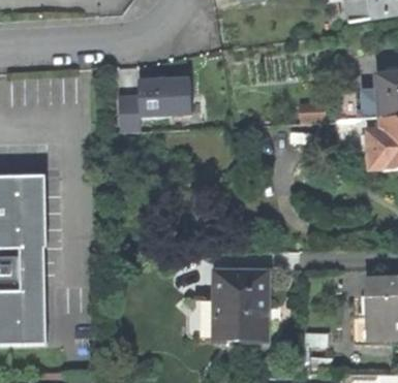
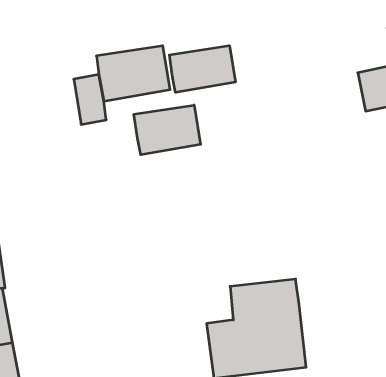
building: none -> [169,46,235,92]
building: none -> [134,105,201,155]

